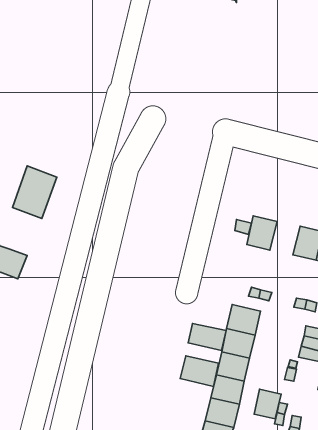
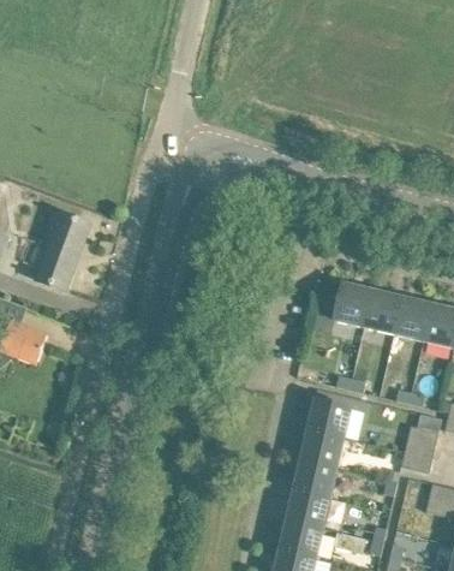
building: none -> [364,290,404,333]
building: [188,324,226,351] -> none
building: [180,356,219,386] -> none
building: [254,389,281,419] -> none

